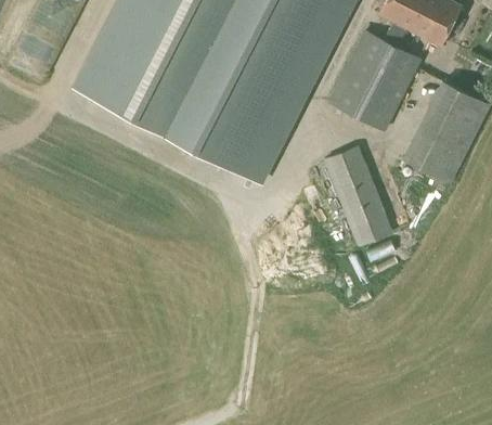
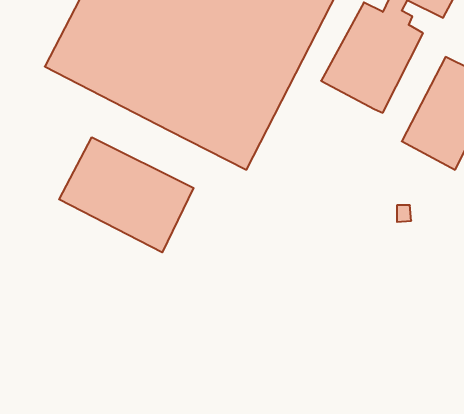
building: [323,147,391,248] -> none
building: none -> [59,137,194,252]

